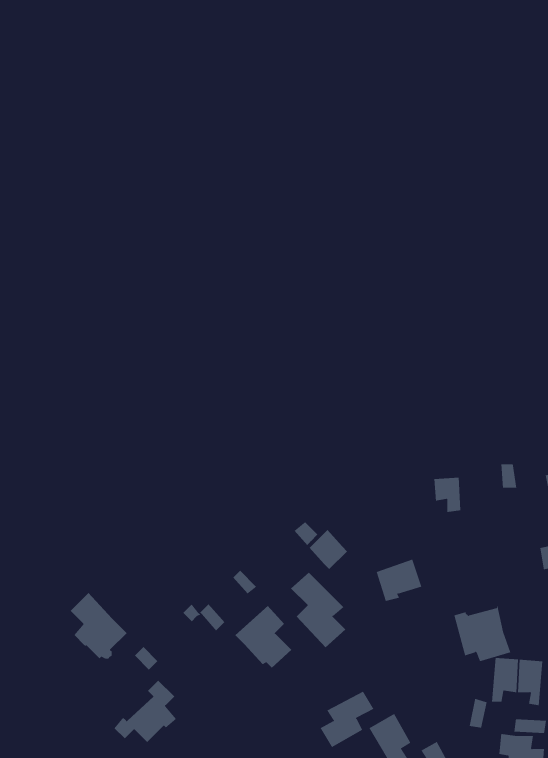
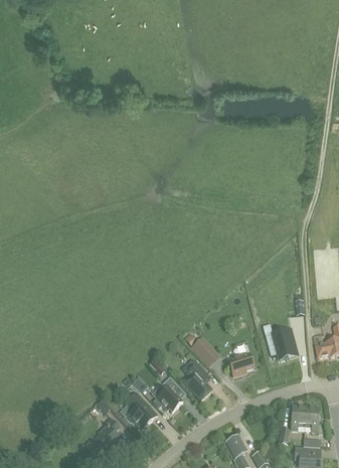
building: [70,592,127,659] -> [126,392,157,428]
building: [453,606,511,662] -> [266,328,297,358]
building: [320,691,374,748] -> none

